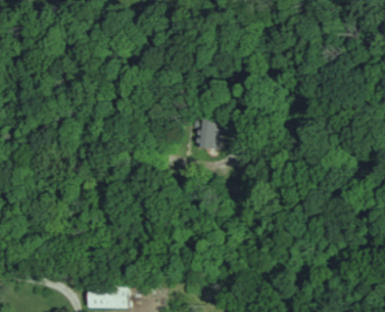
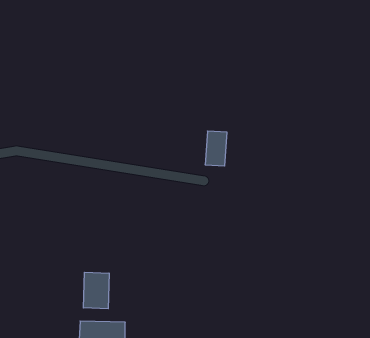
building: none -> [83,272,109,309]

